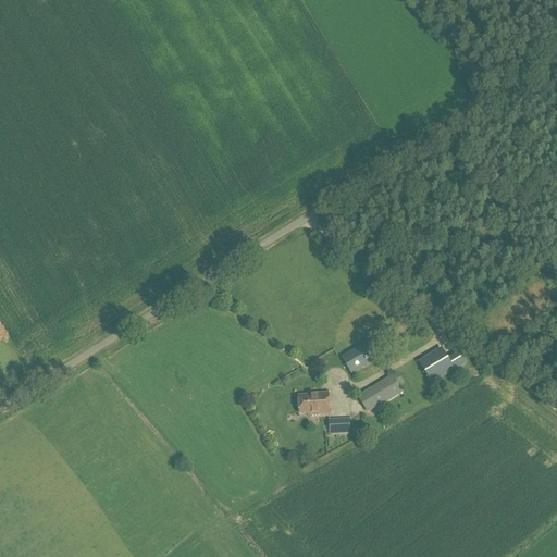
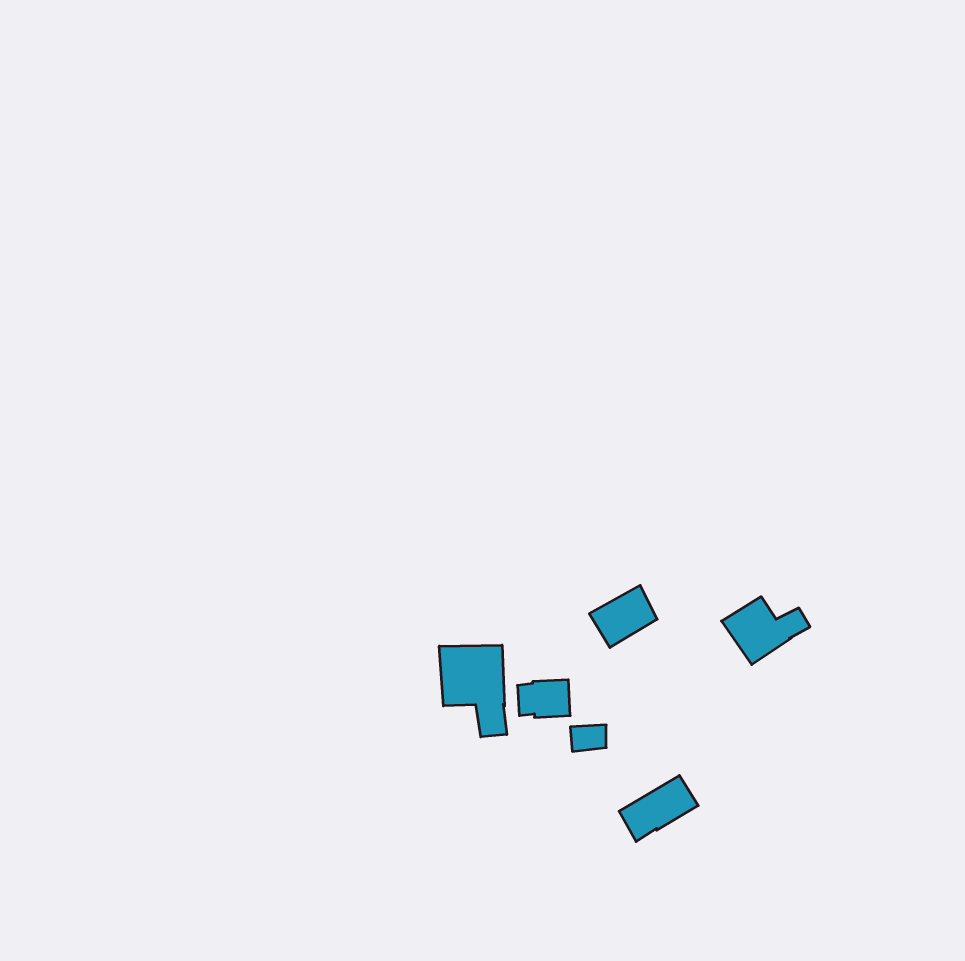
building: none -> [439,645,507,737]
building: [357,373,403,411] -> [619,775,698,842]

